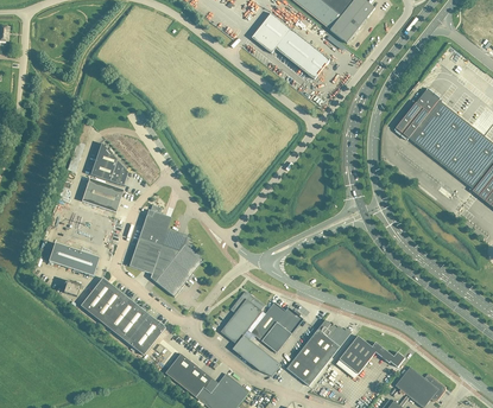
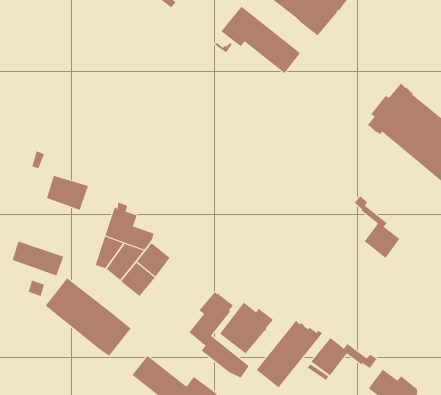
building: [89,142,127,185] -> none
building: none -> [354,195,400,259]

